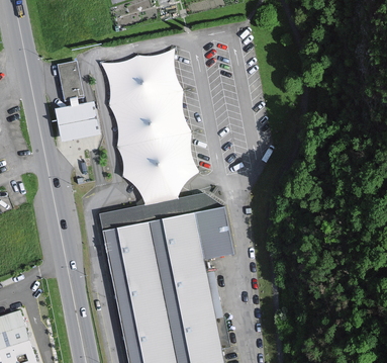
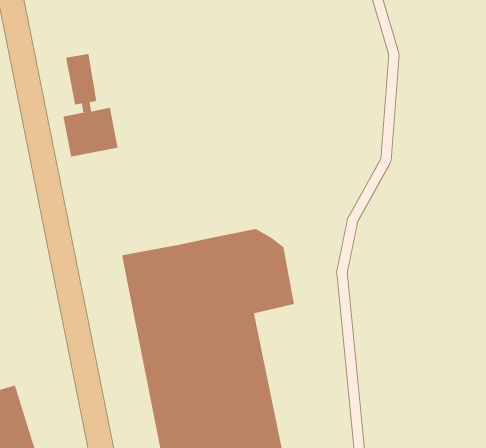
building: [99,47,199,206] -> none

